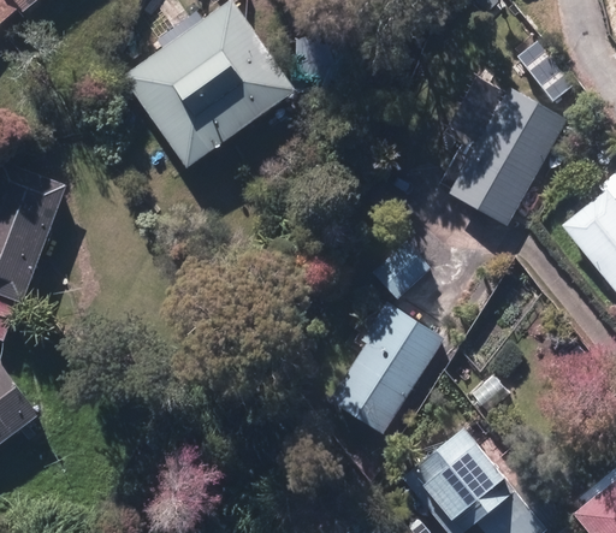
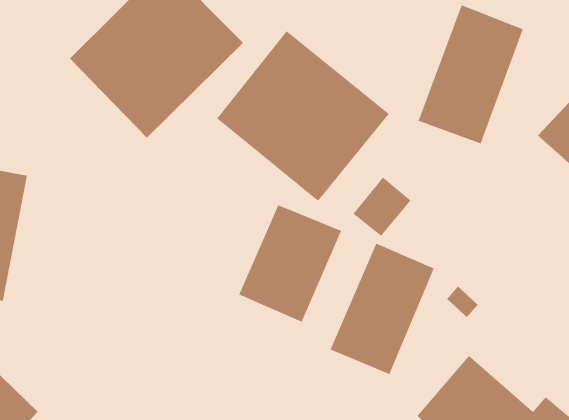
building: none -> [216,30,390,202]
building: none -> [238,204,342,323]

